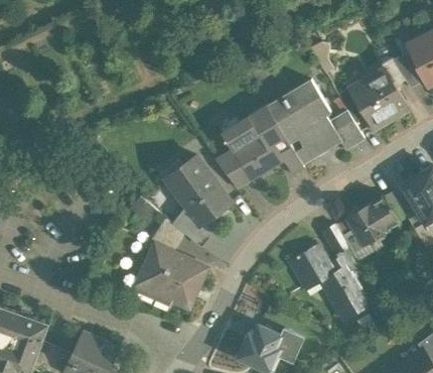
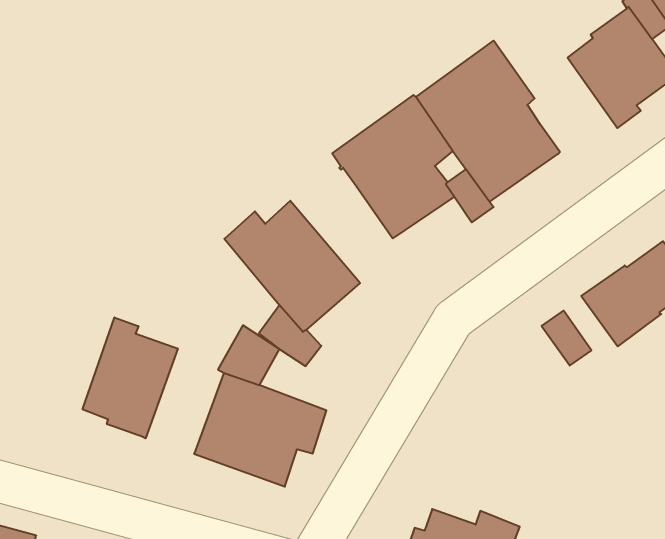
building: [331,116,363,150] -> none
building: [214,150,249,188] -> none
building: none -> [83,317,178,438]
building: [289,245,369,321] -> none

